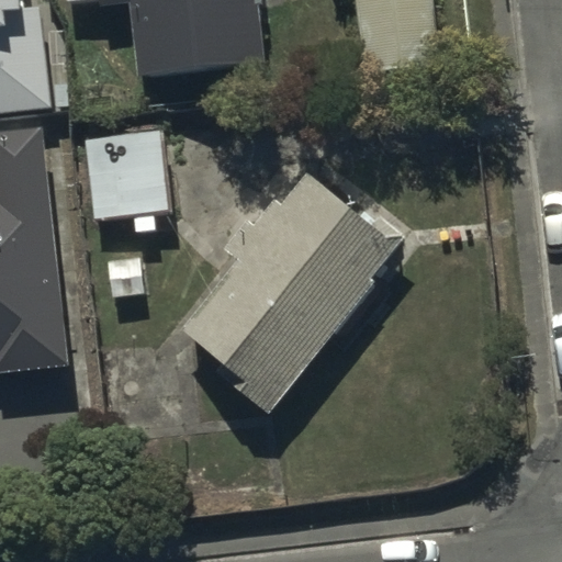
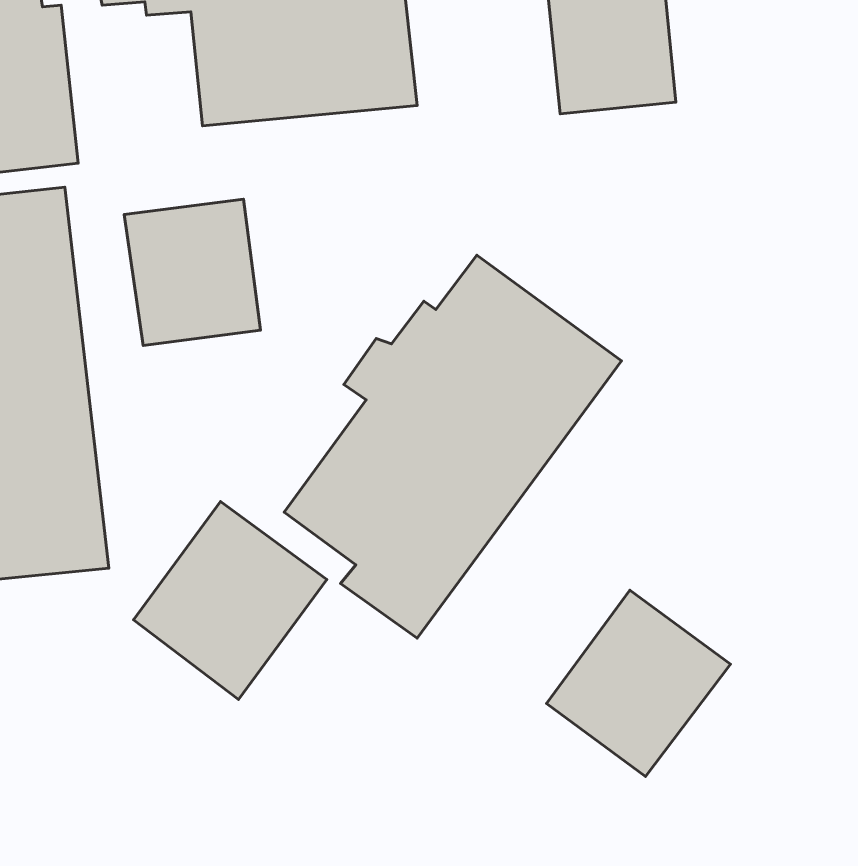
building: none -> [133,501,327,700]
building: none -> [546,590,730,776]

